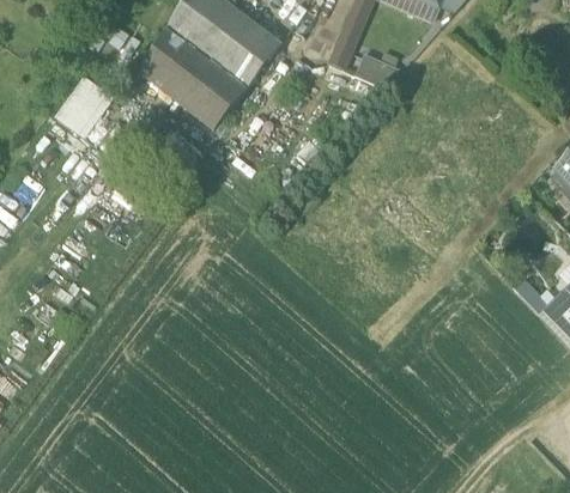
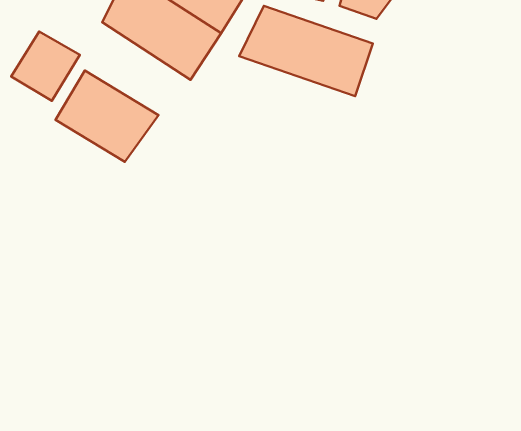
building: none -> [239,6,373,96]
building: none -> [55,71,159,162]

